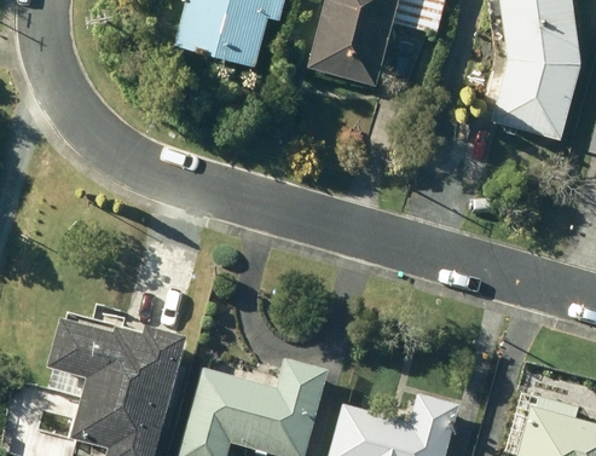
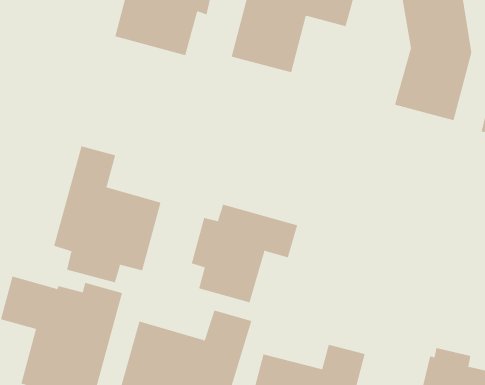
building: none -> [54,145,161,283]
building: none -> [191,204,298,303]

